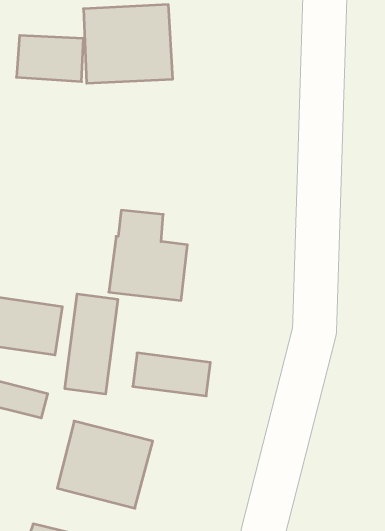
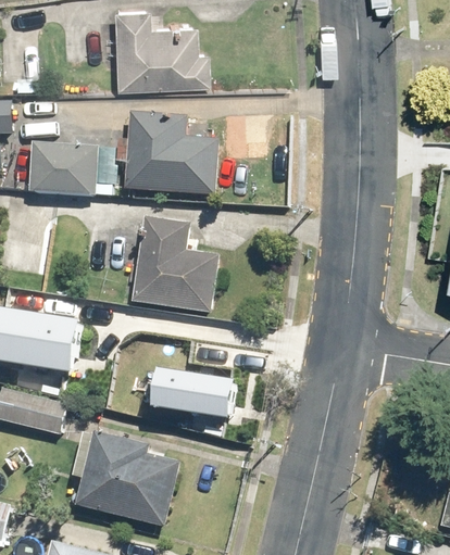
building: [16,35,84,82] -> [26,146,96,193]
building: none -> [126,113,221,198]
building: [65,294,118,394] -> none

